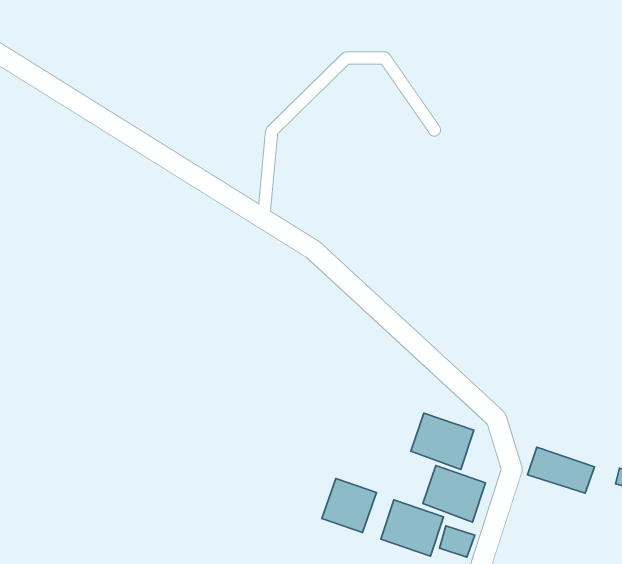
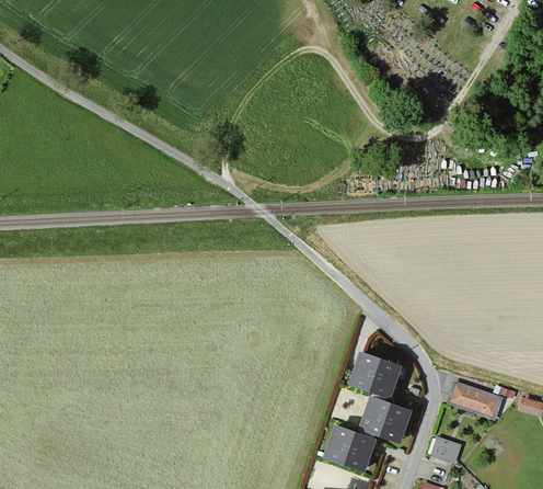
building: [322,479,377,533] -> none
building: [439,526,475,557] -> [431,437,461,464]

